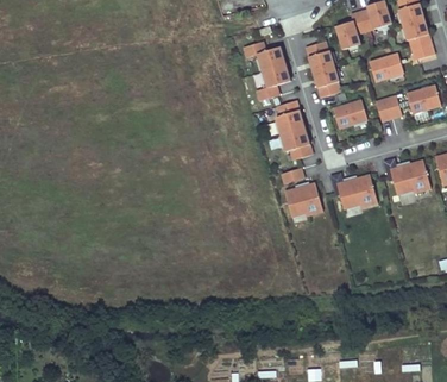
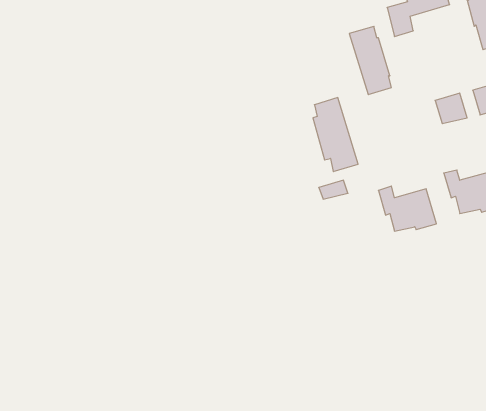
building: [244,40,290,101] -> none
building: [370,54,404,82] -> none
building: [333,100,367,129] -> none
building: [284,182,322,220] -> none

